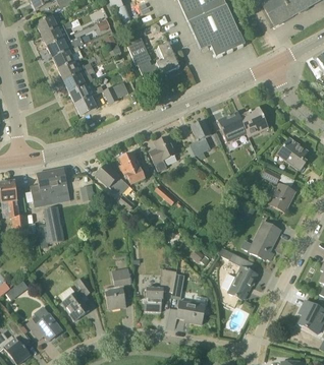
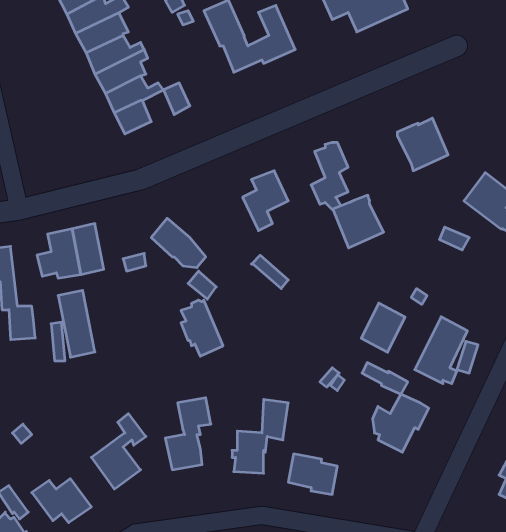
building: [217,111,247,141] -> [333,195,384,248]
building: [119,151,144,184] -> [181,300,223,356]
building: [269,183,294,211] -> [361,303,405,352]

